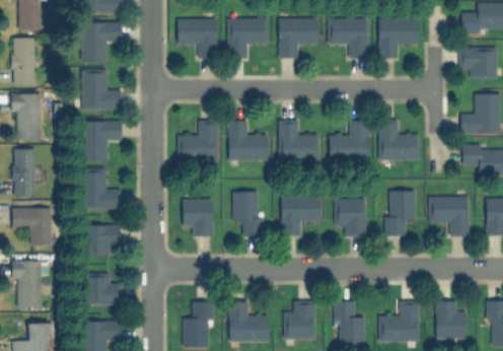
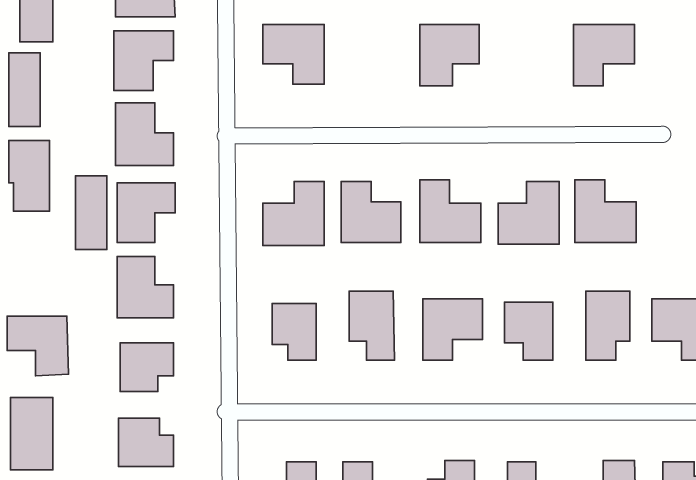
building: [228,19,267,59] -> none
building: [329,19,368,59] -> none
building: [14,149,34,197] -> [75,176,107,250]

